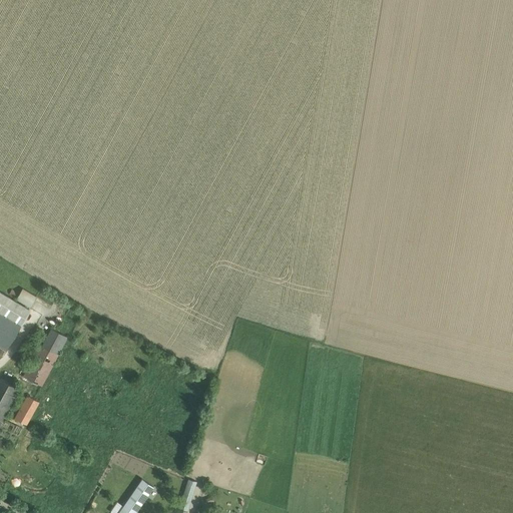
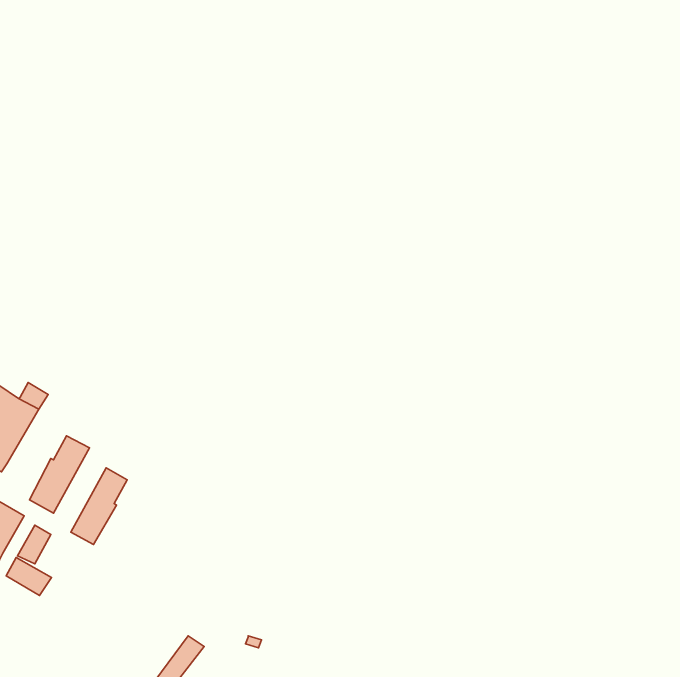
building: none -> [71,468,127,544]
building: none -> [6,557,52,595]

